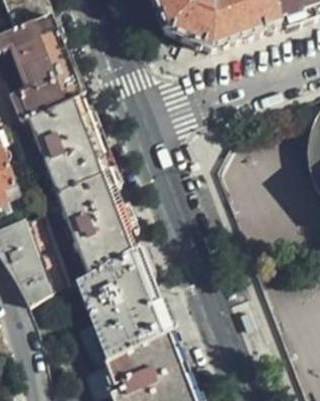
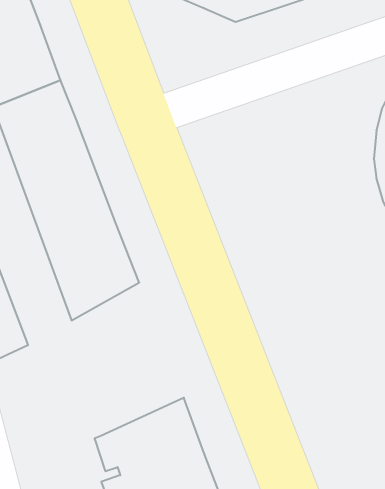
building: [78,247,170,361] -> none

